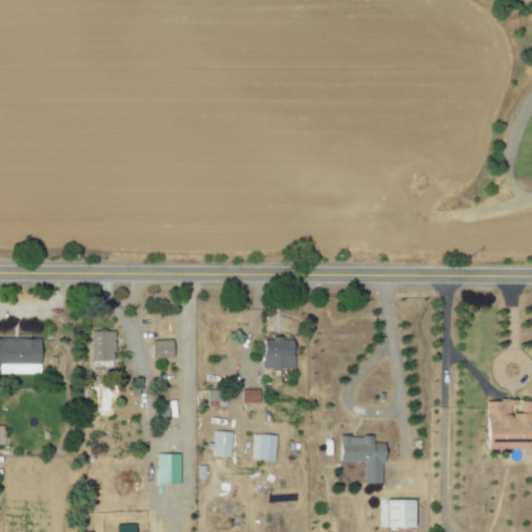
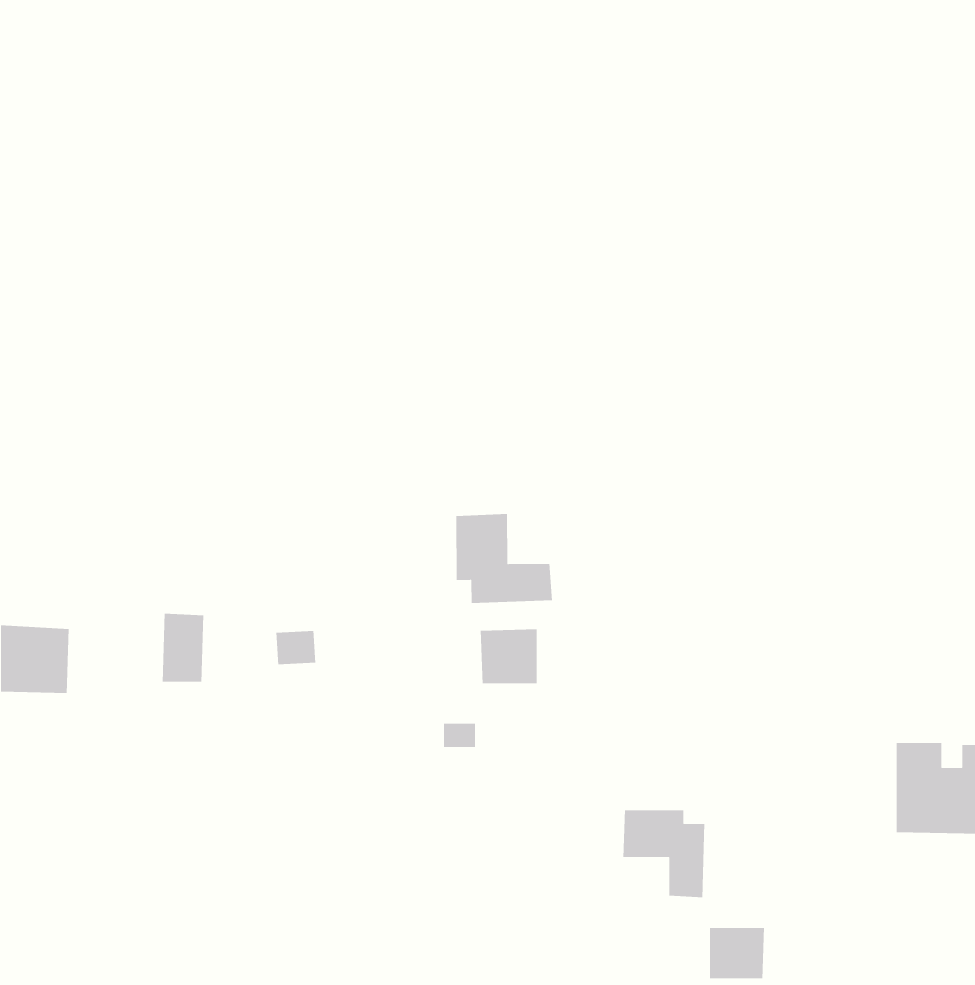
building: none -> [455,513,553,604]
building: [215,431,234,457] -> none
building: [252,433,278,461] -> none
building: [158,455,182,482] -> none

